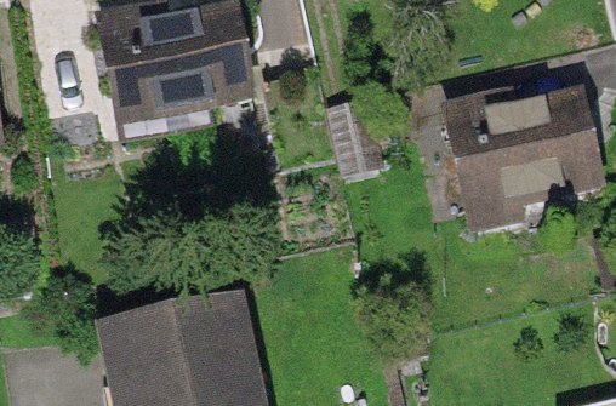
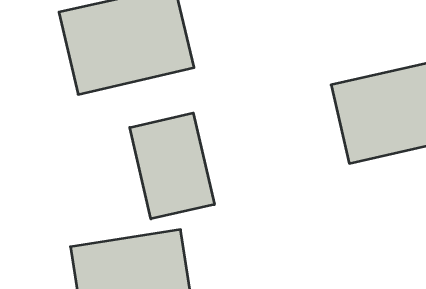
building: none -> [130,113,214,219]

